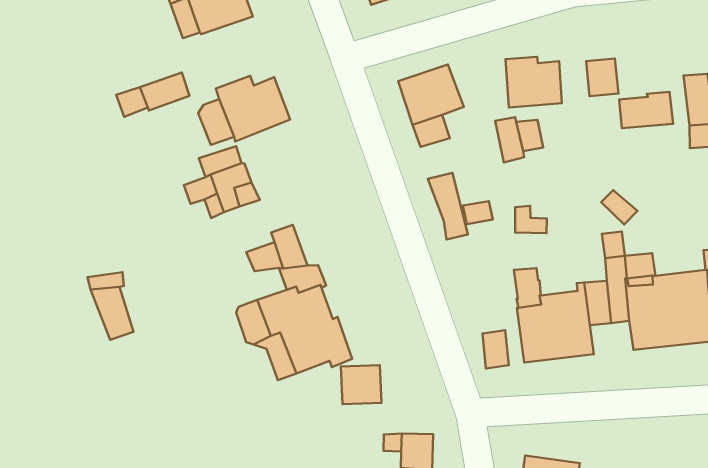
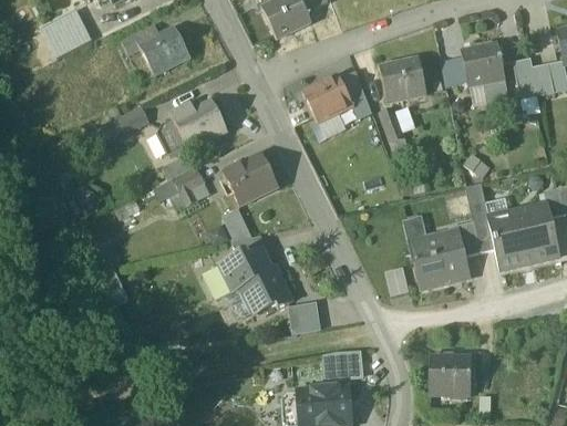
building: none -> [462,44,505,86]
building: none -> [224,153,279,206]
building: [428,173,468,239] -> [339,69,373,118]

